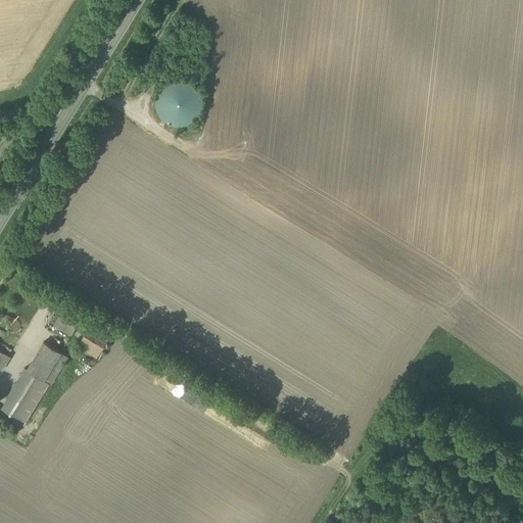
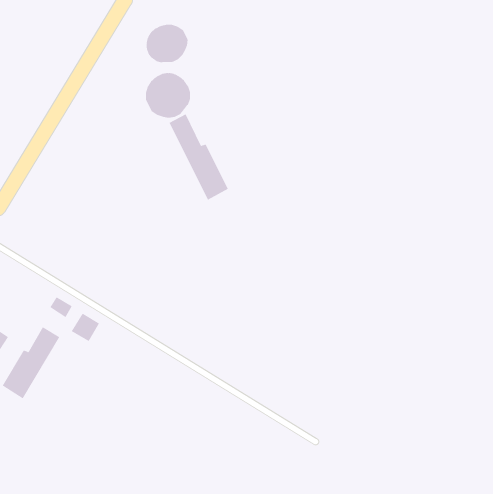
building: none -> [146,24,188,63]
building: none -> [169,114,229,200]

